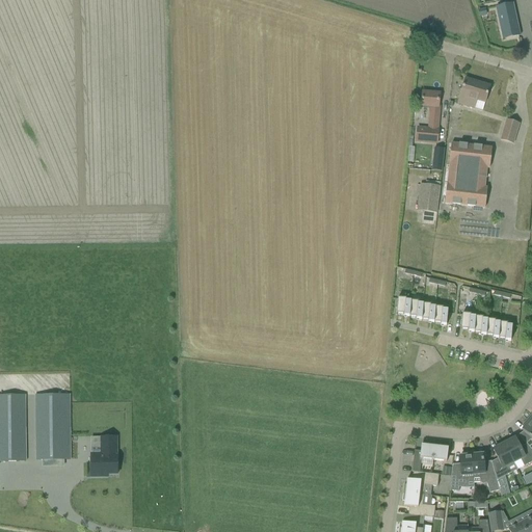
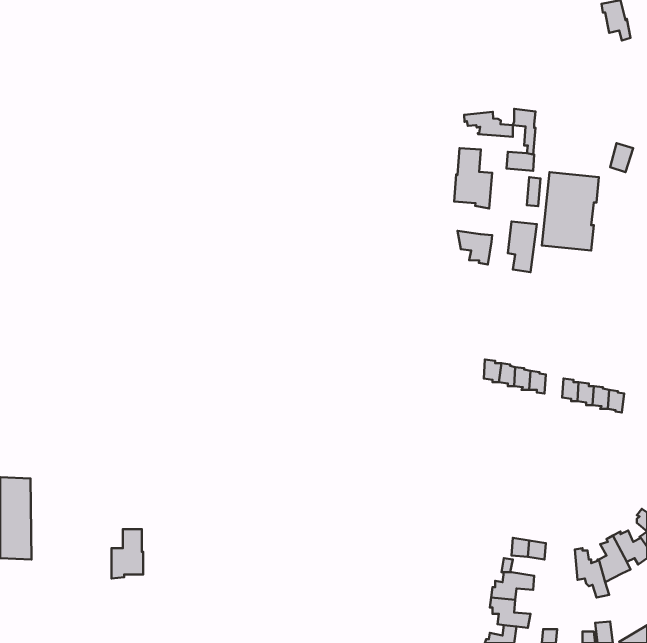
building: [458,77,490,104] -> none
building: none -> [464,112,513,137]
building: none -> [454,148,492,209]
building: none -> [457,231,492,264]
building: [35,392,71,457] -> none
building: [449,450,474,489] -> none

